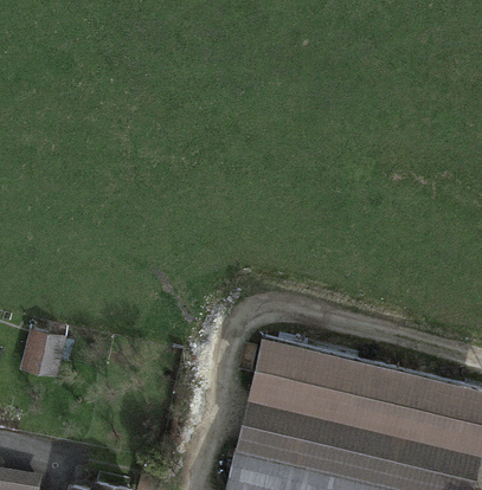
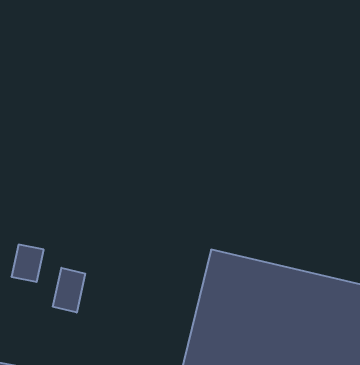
building: none -> [53,268,85,313]

